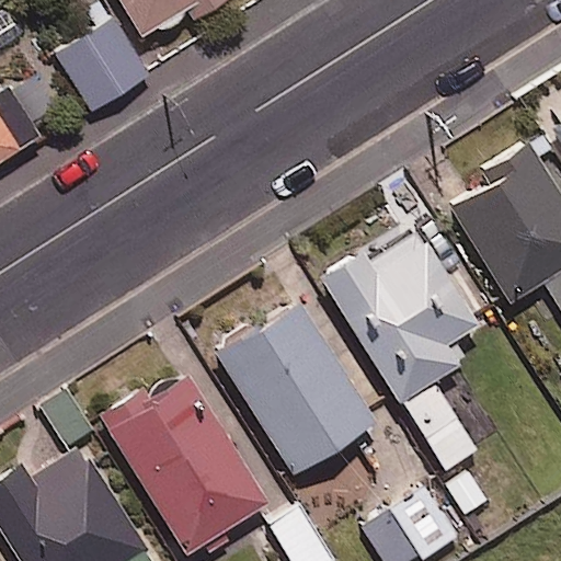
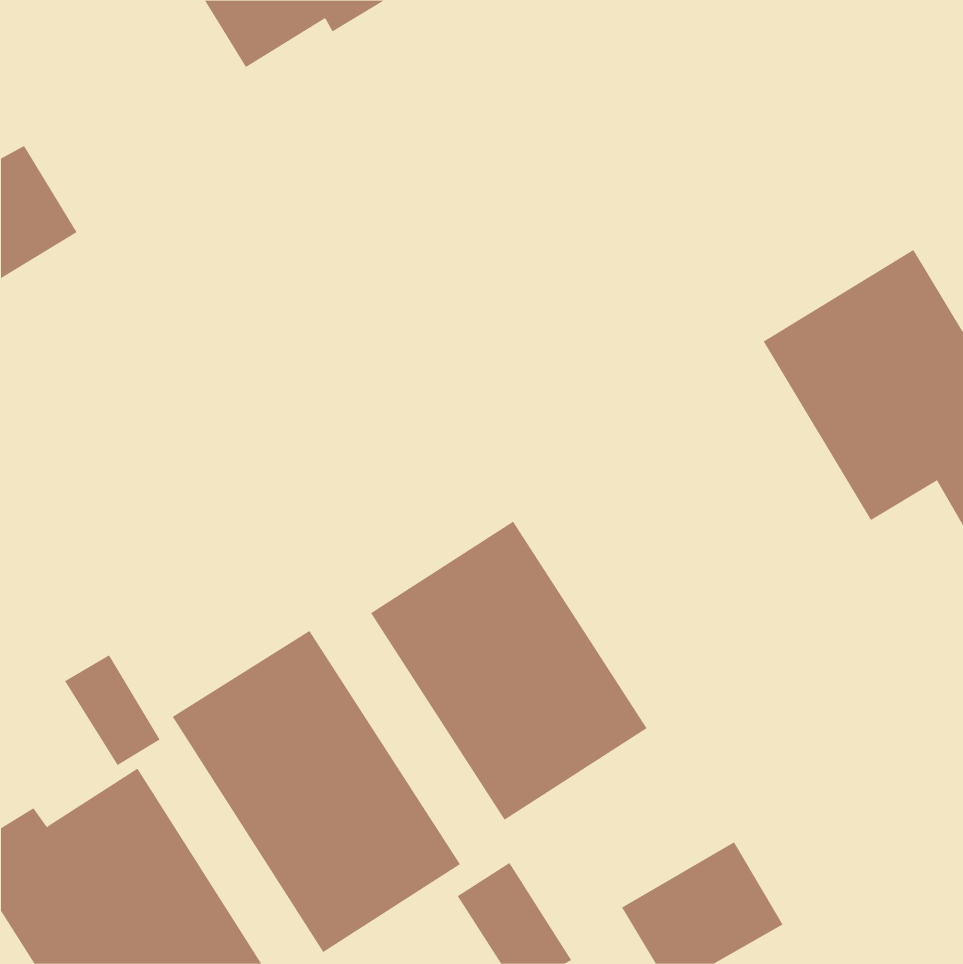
building: [57,19,149,111] -> none
building: [321,231,480,470] -> none

